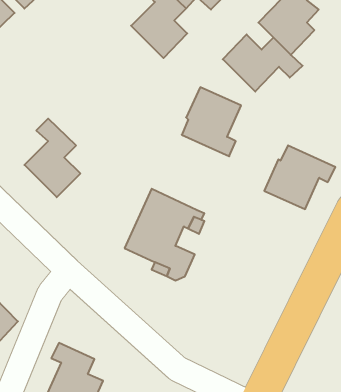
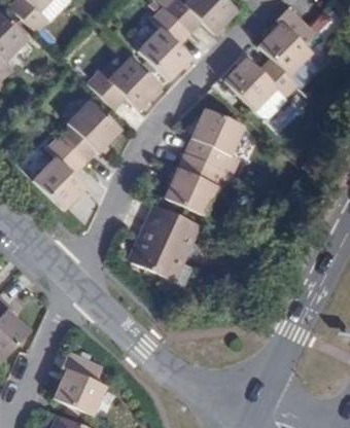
building: none -> [89,57,163,111]
building: none -> [59,101,122,164]
building: [264,145,335,209] -> [164,153,232,214]

